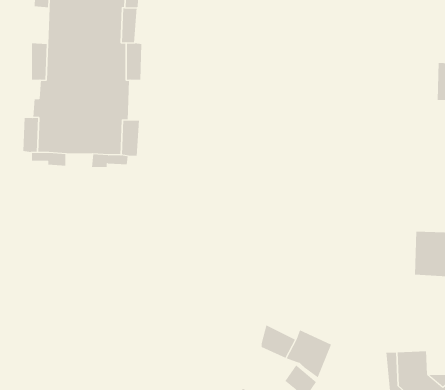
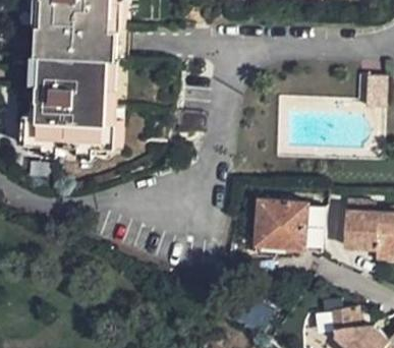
building: none -> [255,191,323,249]

